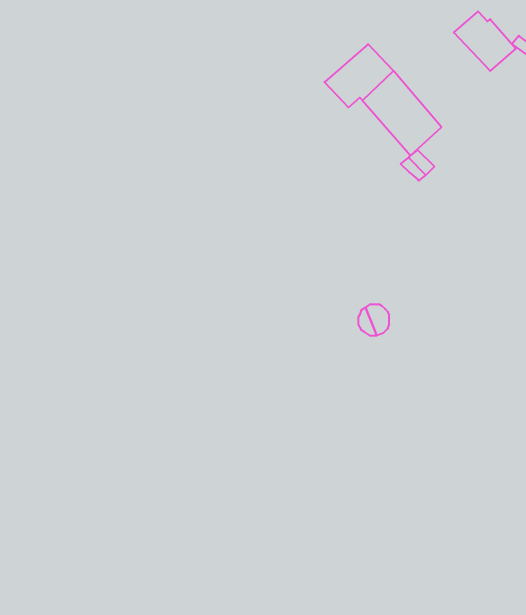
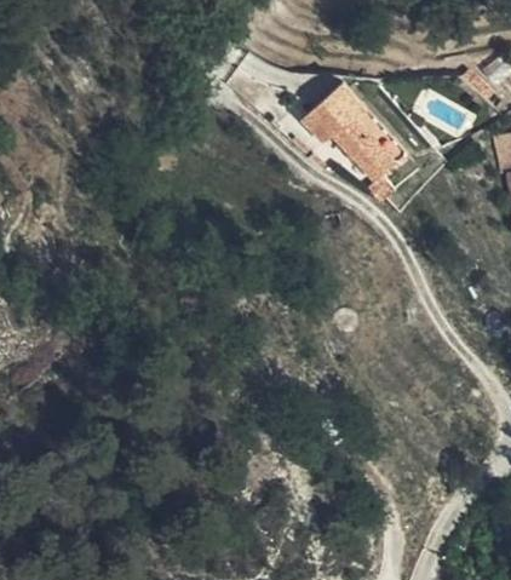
building: [454,11,516,71] -> none

